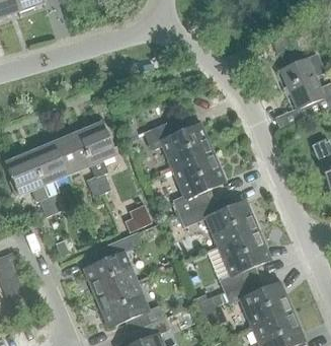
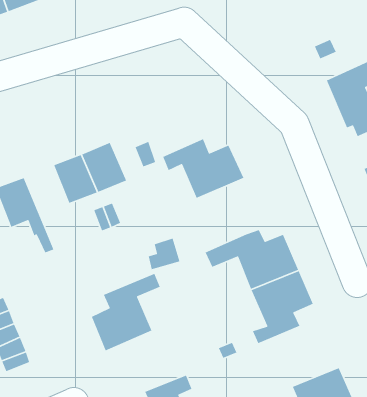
building: [28,141,66,212] -> none
building: [172,152,225,214] -> none
building: [224,276,292,327] -> none
building: [96,280,164,331] -> none

